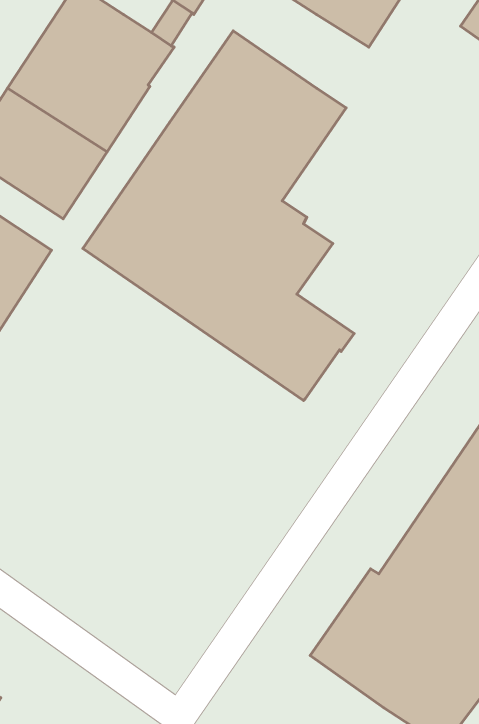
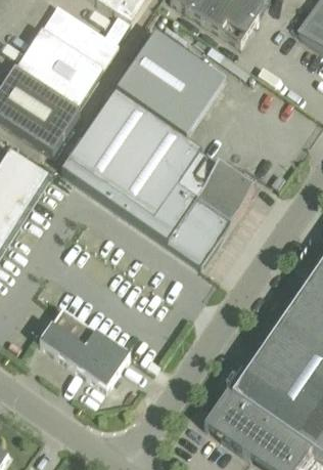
building: none -> [195,166,252,222]
building: none -> [39,308,130,388]

